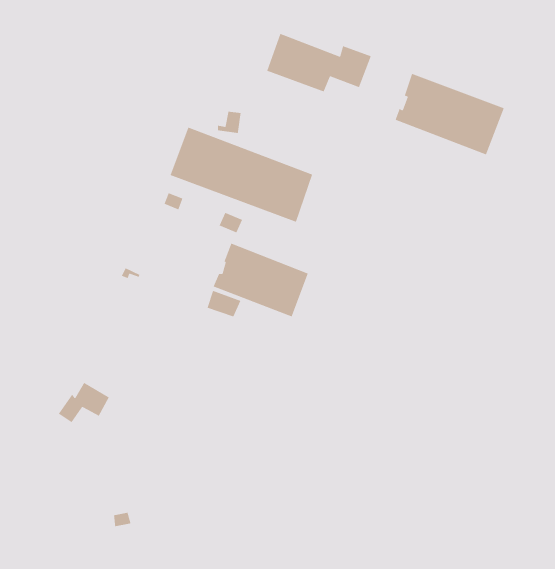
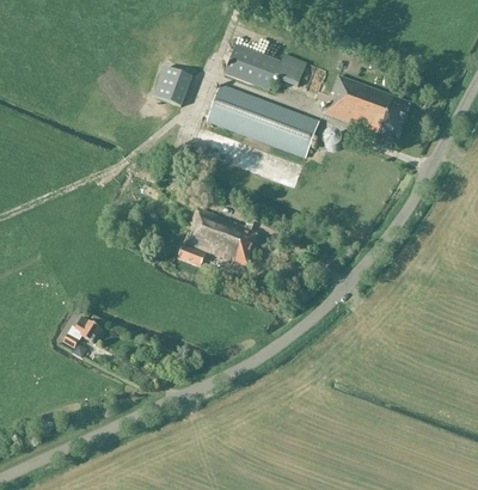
building: none -> [154,66,192,105]
building: [169,127,313,223] -> [207,82,319,158]

